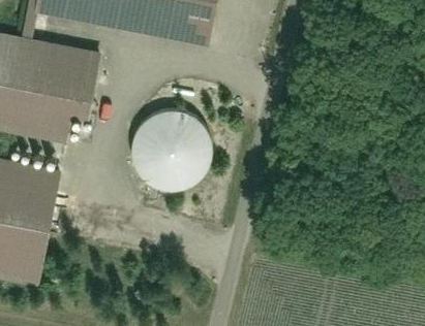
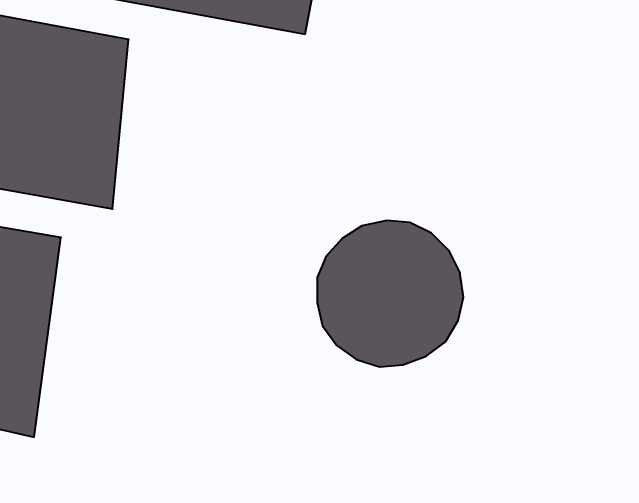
building: [127,105,212,190] -> [317,221,463,367]

